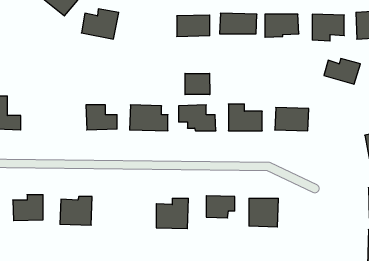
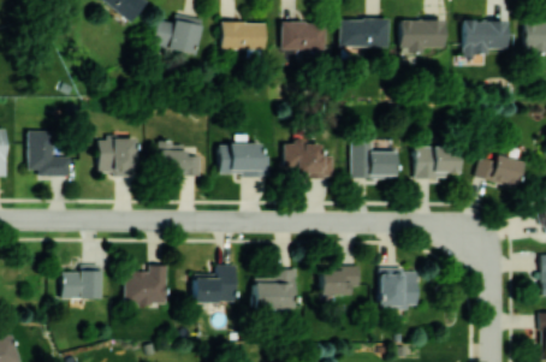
building: none -> [221,23,265,49]
building: [324,59,360,84] -> [474,154,523,189]
building: [185,73,210,95] -> none
building: none -> [97,138,136,176]
building: none -> [194,265,236,303]

